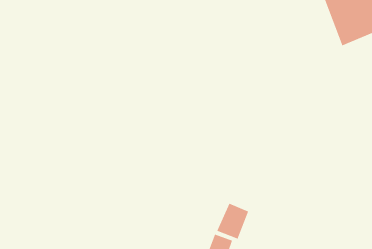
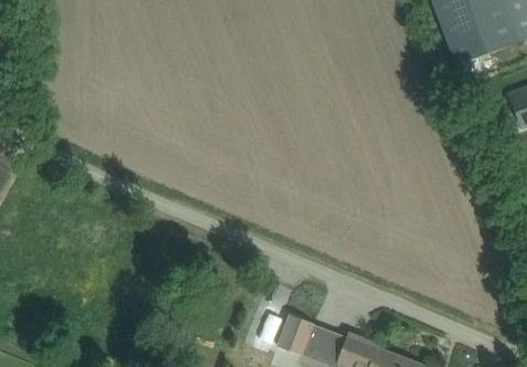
building: [217,203,249,240] -> none

